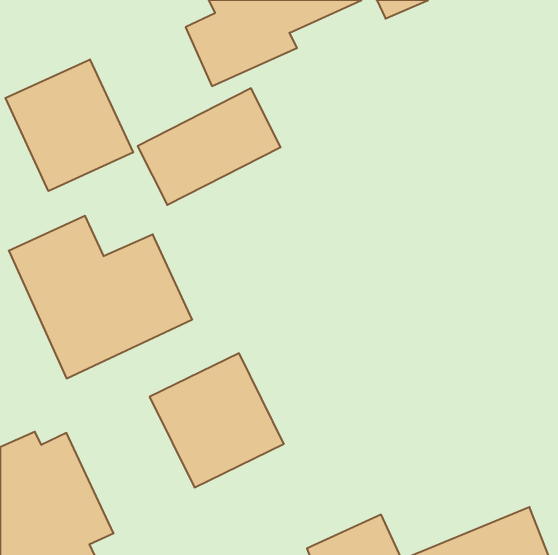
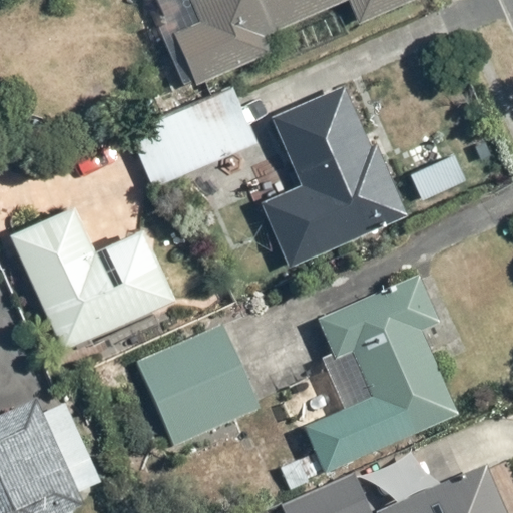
building: [5,59,133,191] -> none
building: none -> [258,81,406,270]
building: none -> [304,276,460,473]

